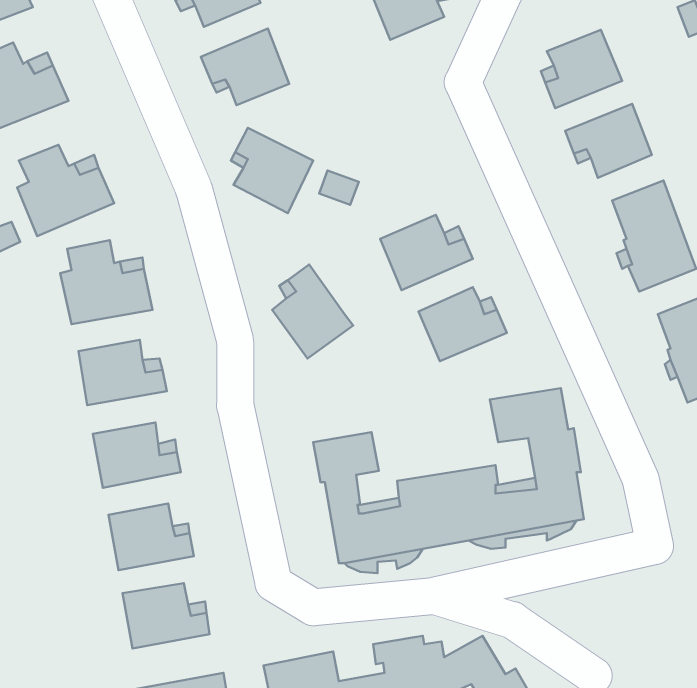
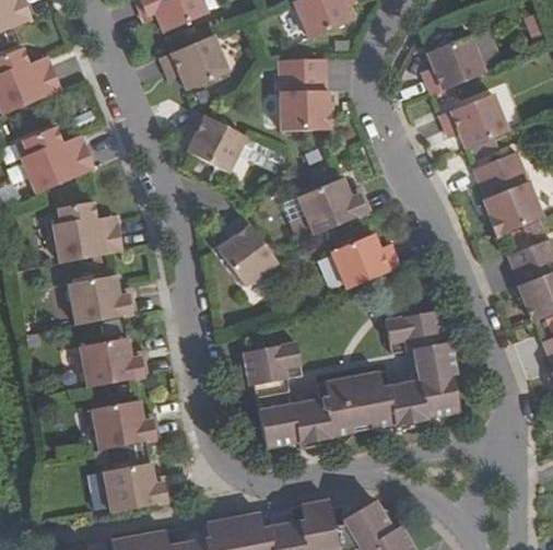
building: none -> [278,58,328,132]

